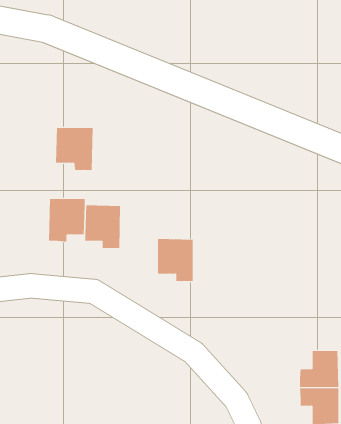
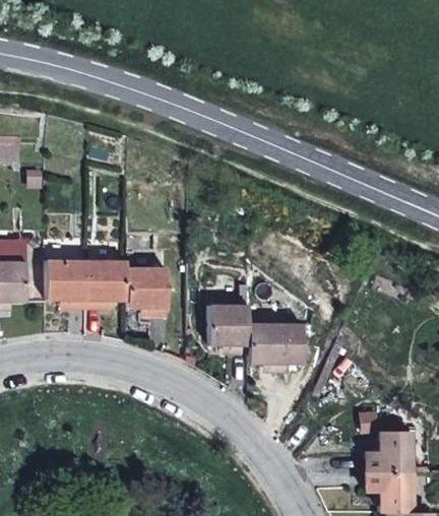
building: [55,128,93,170] -> [46,259,88,307]
building: none -> [250,322,292,371]

